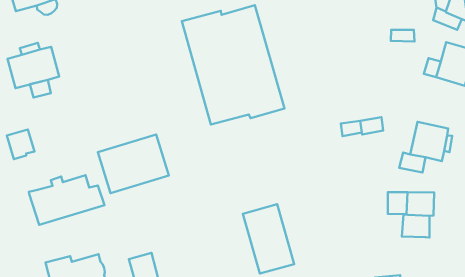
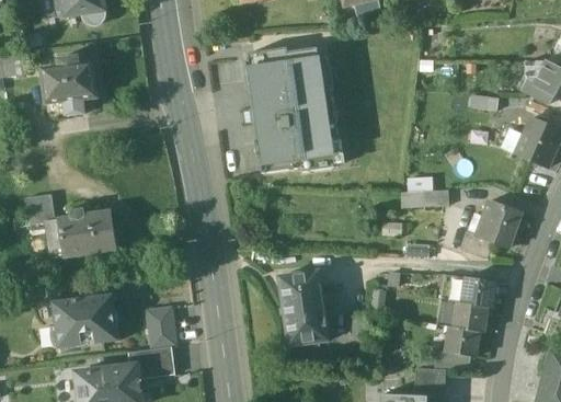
building: [7,130,35,159] -> [26,194,55,225]
building: [98,134,169,193] -> none
building: none -> [445,325,479,356]

